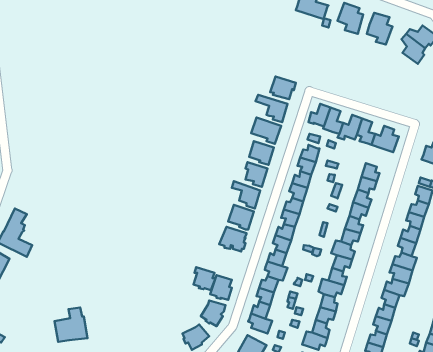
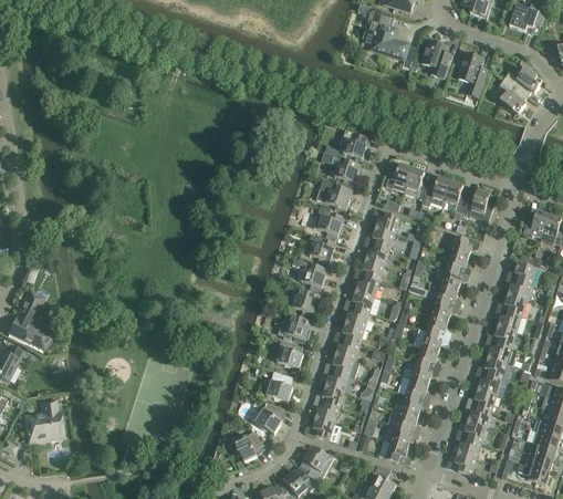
building: [193,267,215,290] -> [277,340,303,367]
building: [55,307,87,342] -> [23,399,63,441]

